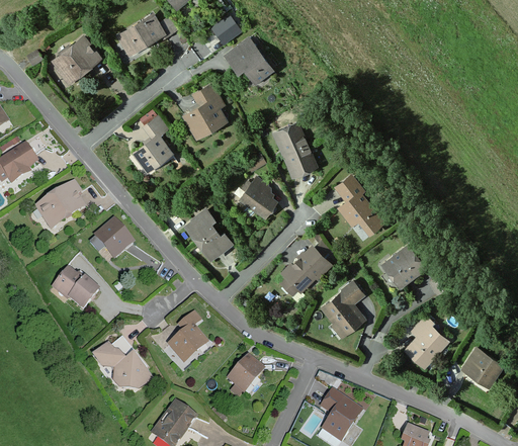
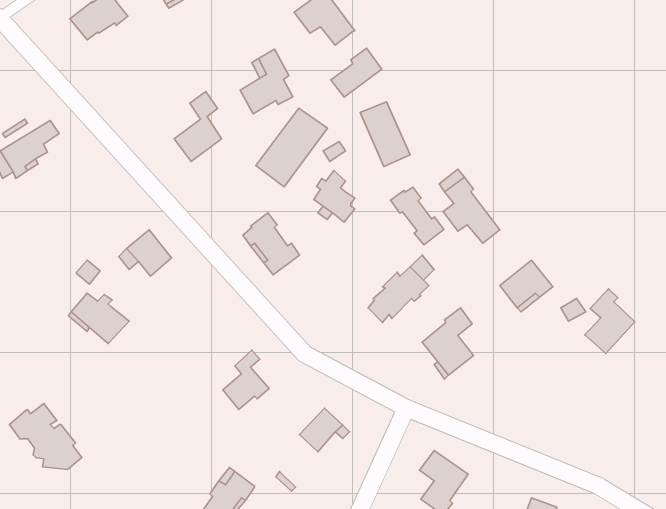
building: none -> [331,48,382,97]
building: none -> [256,108,328,187]
building: [38,184,84,225] -> none
building: none -> [390,187,444,245]
building: [408,316,446,365] -> [585,289,635,353]
building: [95,339,151,389] -> [9,403,82,469]
building: [462,349,502,385] -> none

